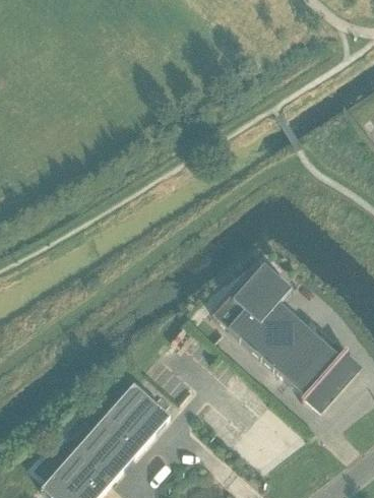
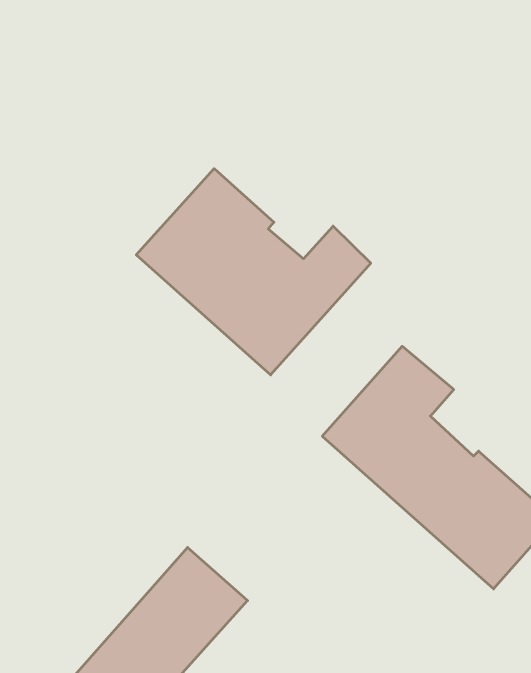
building: none -> [136,169,371,375]

